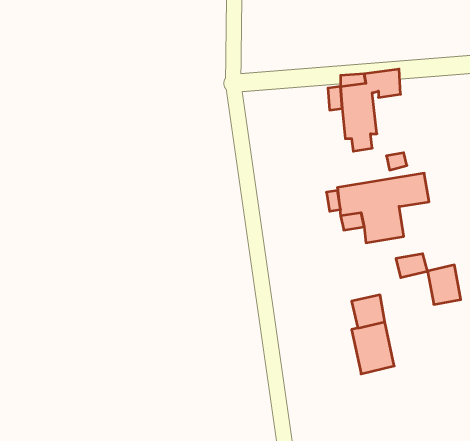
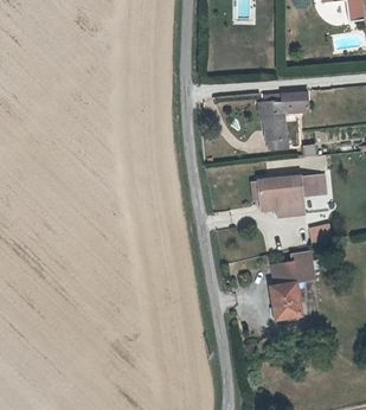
building: [427,265,461,304] -> [289,251,314,281]

